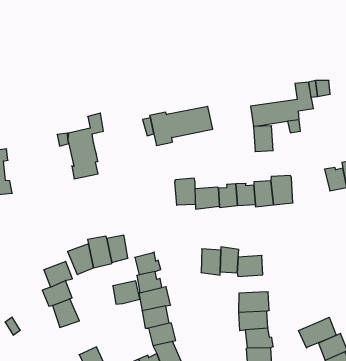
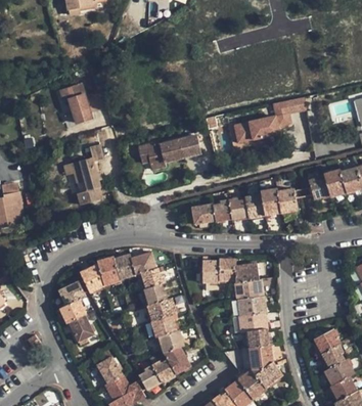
building: none -> [63,83,93,125]
building: [253,126,273,152] -> [278,188,298,213]
building: [175,178,195,205] -> none
building: none -> [234,280,263,300]
building: [113,281,140,304] -> [131,252,156,274]
building: [298,317,336,348] -> none

